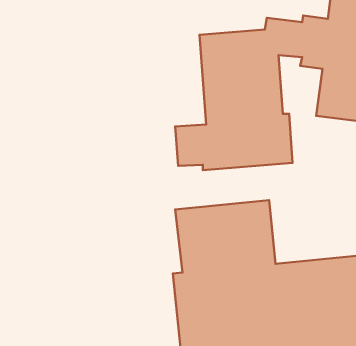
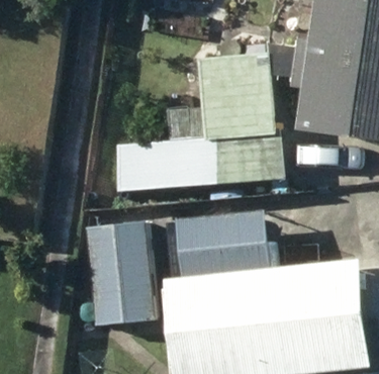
building: none -> [83,220,154,321]

